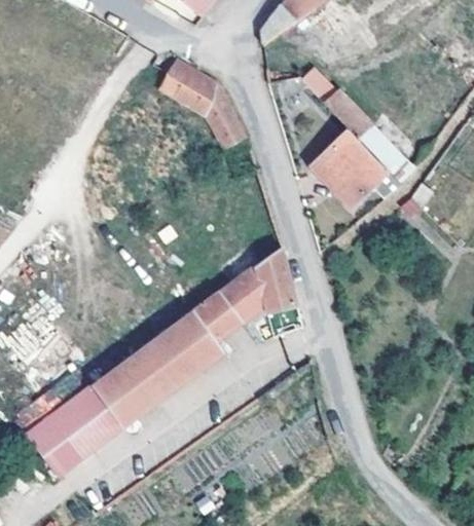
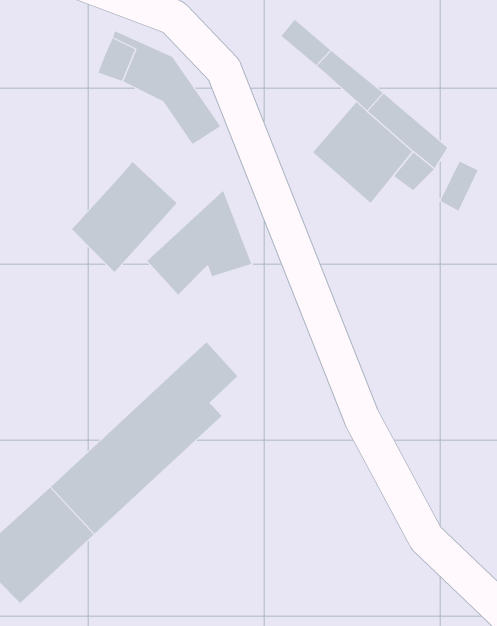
building: none -> [71,161,178,273]
building: [218,247,295,321] -> [147,190,252,296]

